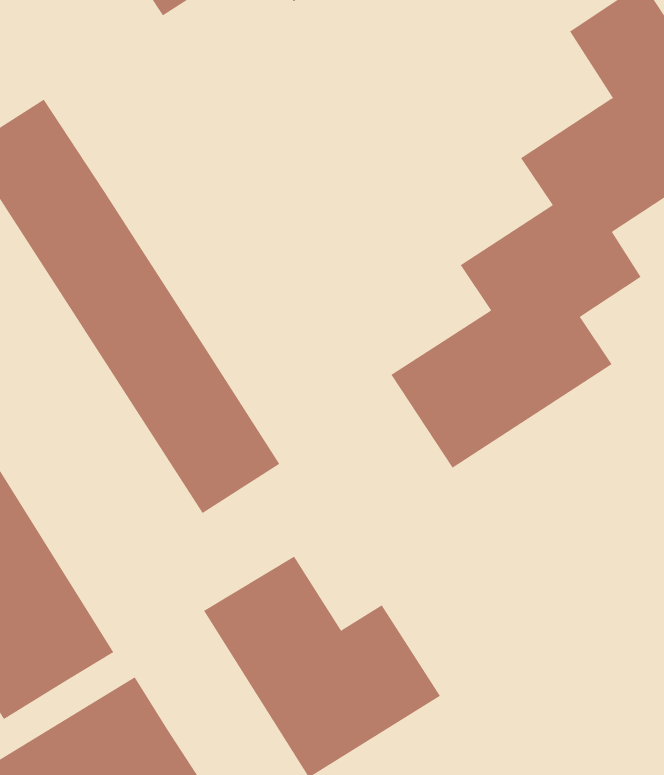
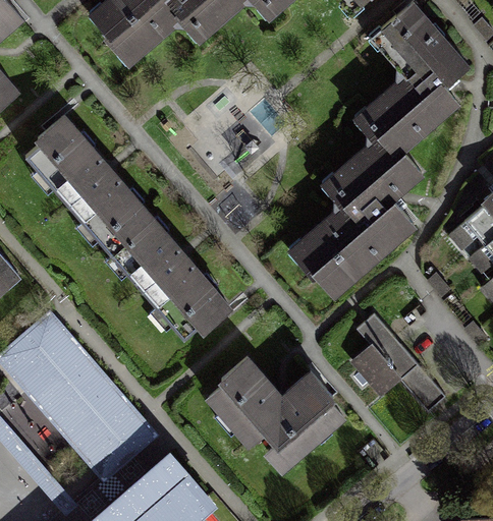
building: none -> [346,314,444,410]

